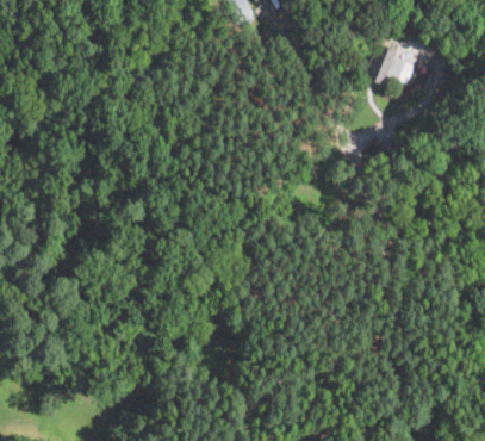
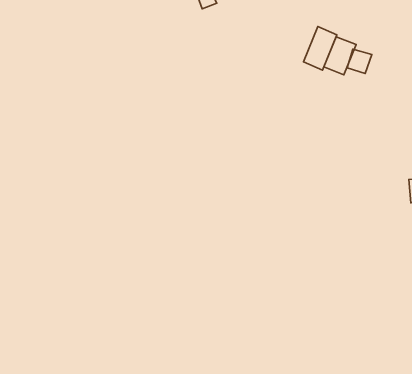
building: none -> [303,26,337,70]

